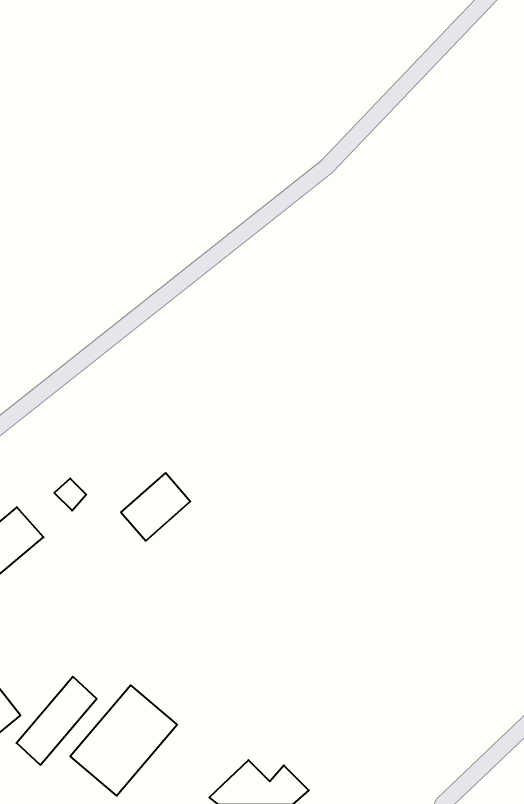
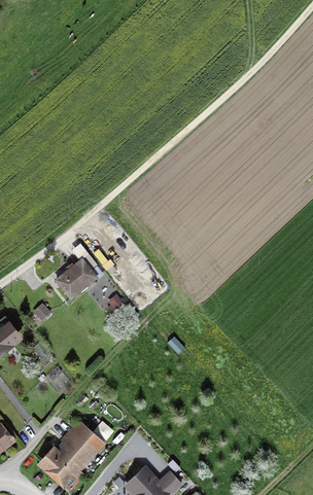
building: [121,473,190,541] -> [57,259,97,298]
building: [16,677,97,765] -> none

